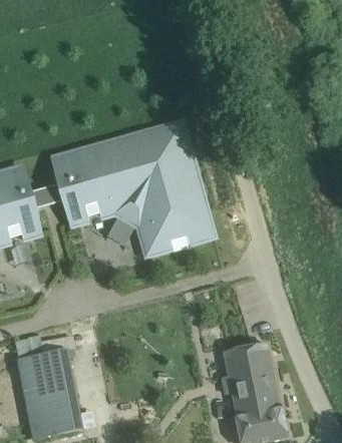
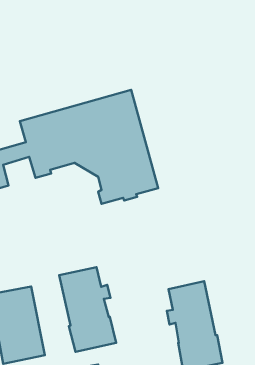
building: none -> [59,267,116,352]

